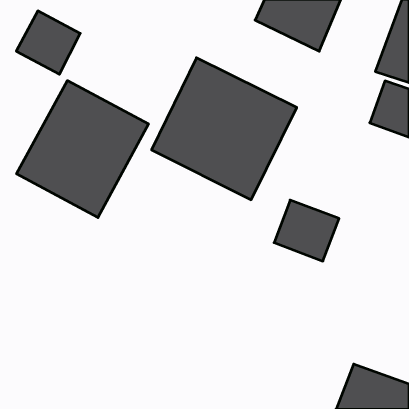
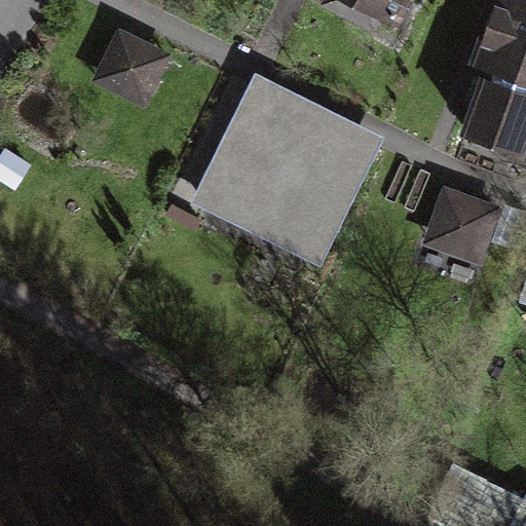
building: [16,11,80,74] -> [91,28,174,109]
building: [17,81,148,218] -> none
building: [274,200,339,261] -> [425,187,509,265]

